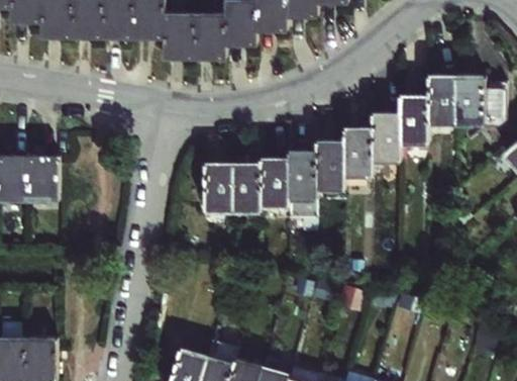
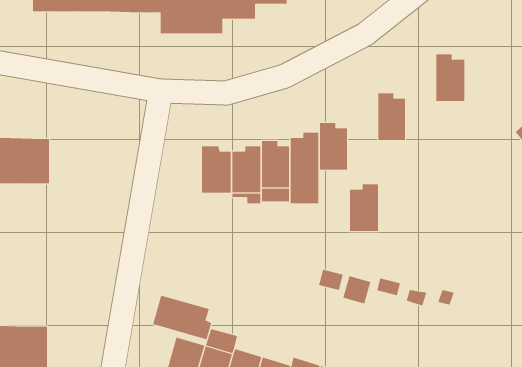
building: [454,77,504,127] -> none
building: [398,96,426,141] -> none
building: [342,129,371,175] -> [349,184,379,231]
building: none -> [152,295,212,340]

